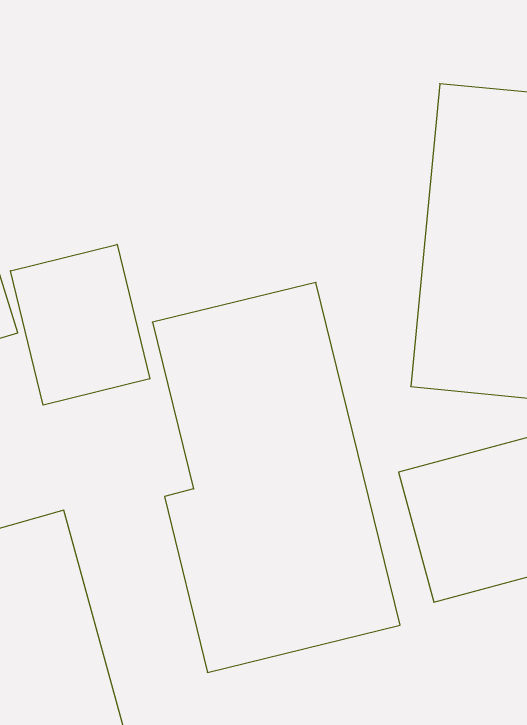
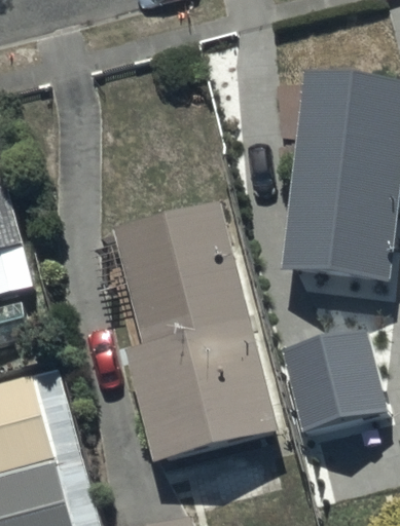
building: [10,244,150,405] -> none

